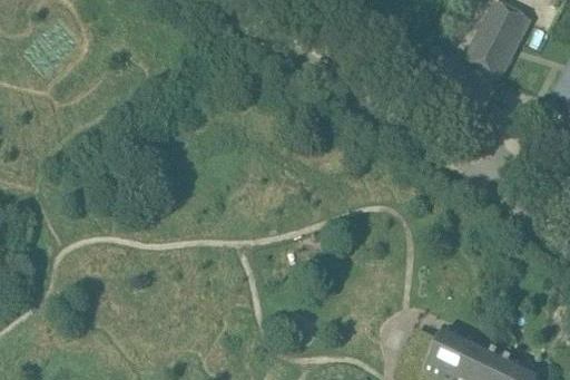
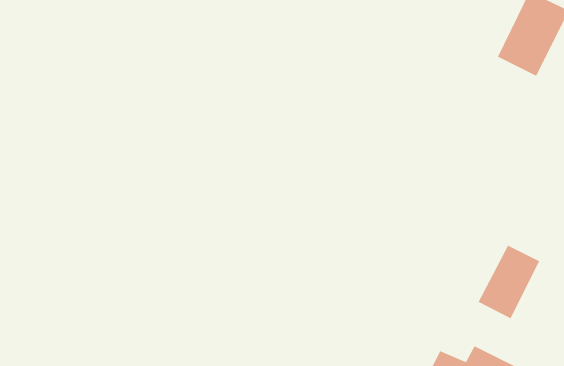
building: none -> [478,245,540,319]

